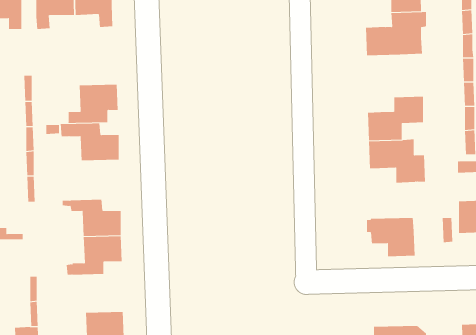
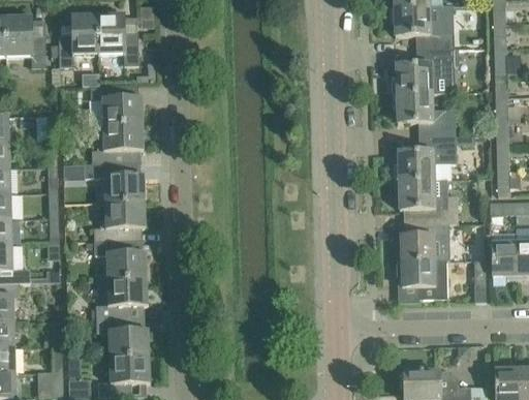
building: none -> [90,75,143,124]
building: none -> [397,93,456,136]
building: none -> [94,201,146,242]
building: none -> [400,223,450,260]
building: none -> [93,317,149,357]

